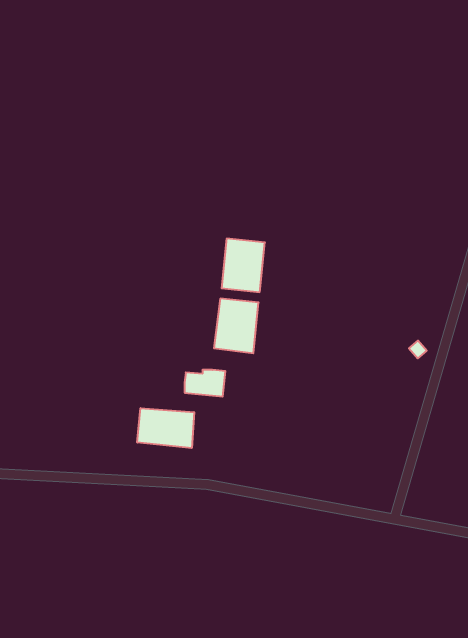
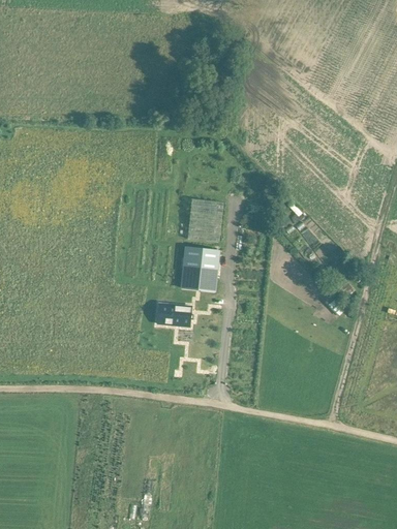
building: [137,408,194,448] -> none

